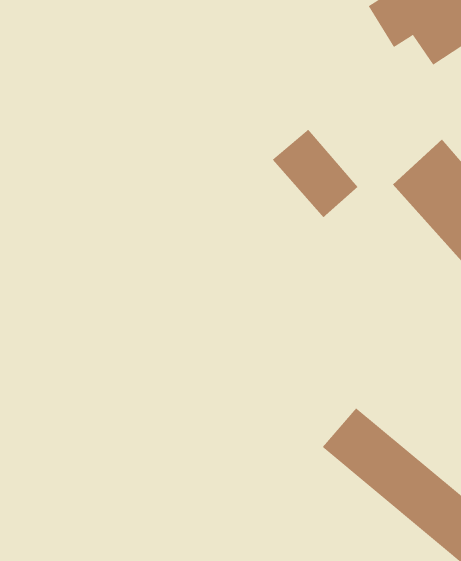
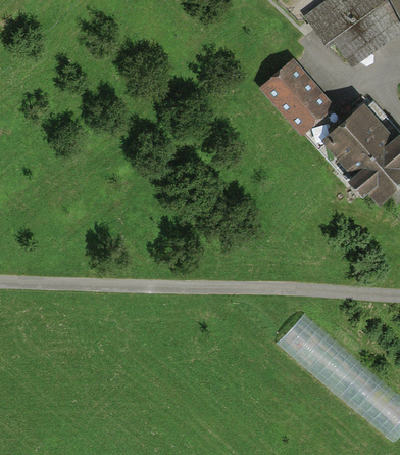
building: [272,129,358,218] -> [268,62,334,130]

